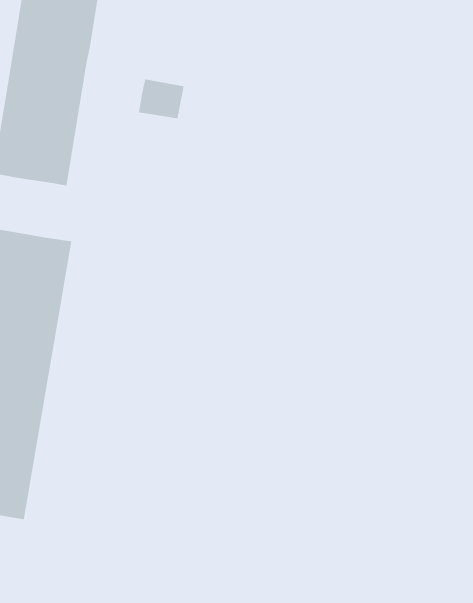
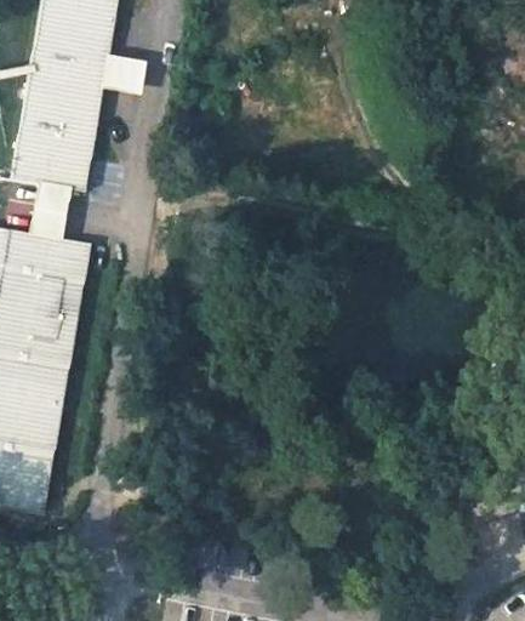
building: [138,79,184,119] -> [102,53,147,92]
building: none -> [30,182,72,239]

